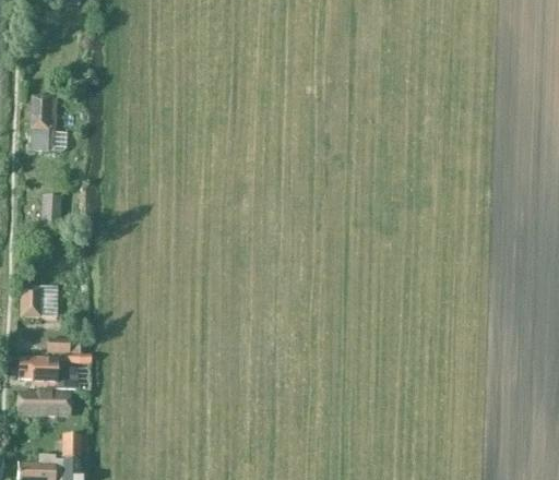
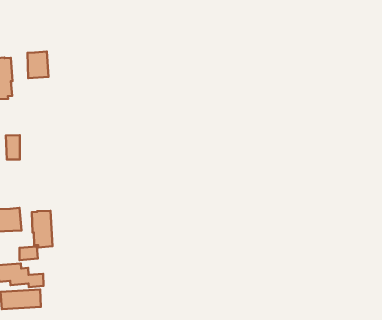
building: none -> [27,51,49,78]
building: none -> [32,211,52,247]

